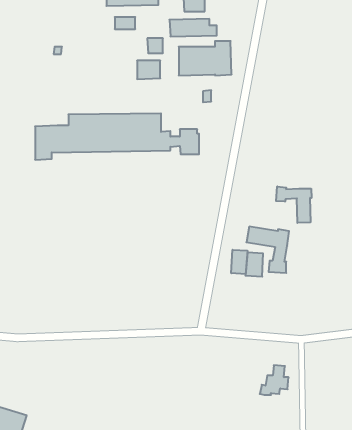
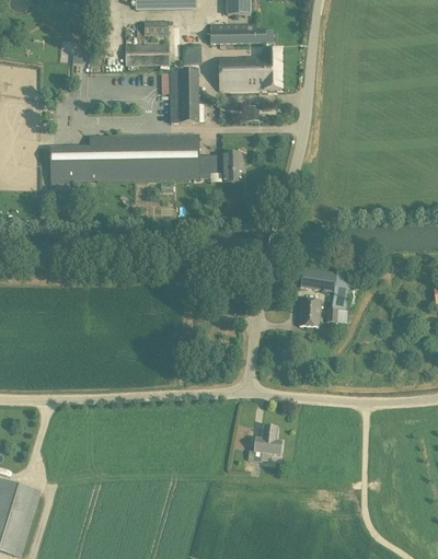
building: none -> [125,45,168,65]
building: none -> [170,93,198,123]
building: [276,186,311,223] -> none
building: [231,250,247,274] -> none
building: [260,365,289,395] -> [246,427,280,462]

